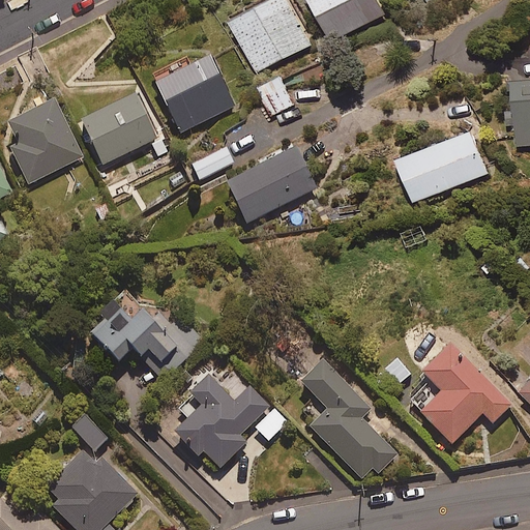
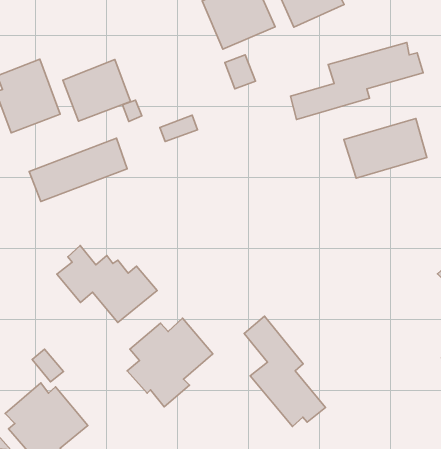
building: none -> [291,42,423,119]
building: [152,54,236,131] -> none
building: [228,143,316,222] -> none
building: none -> [29,138,127,202]
building: [416,346,507,445] -> none

